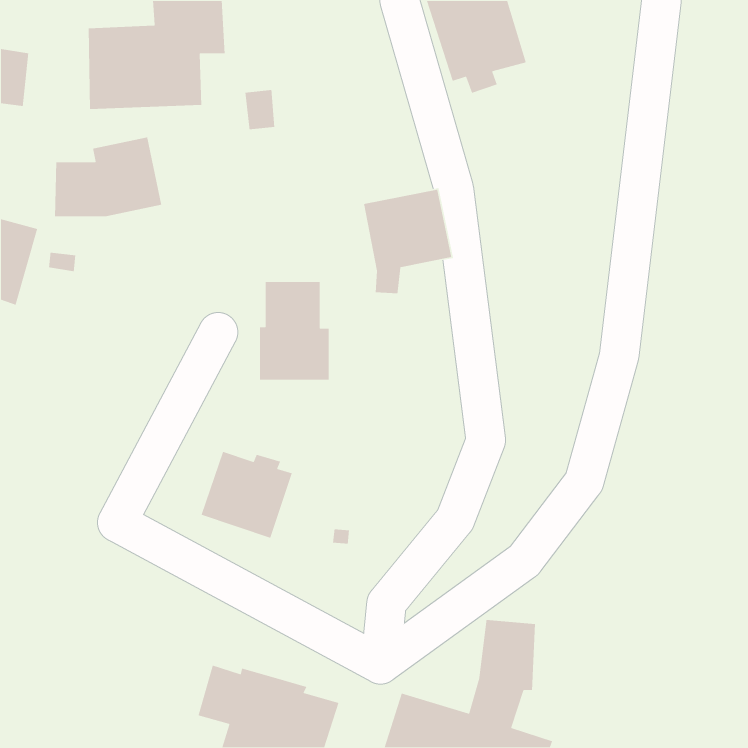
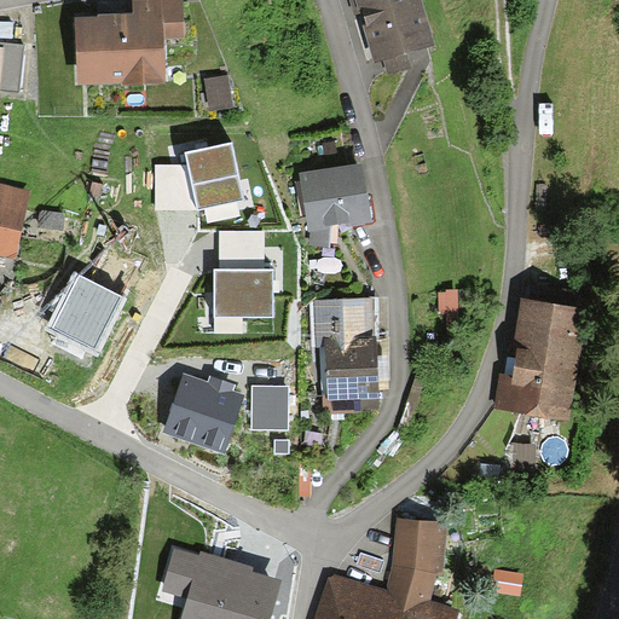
building: [54,137,162,217] -> [155,144,244,210]
building: none -> [54,278,121,348]
building: none -> [498,290,583,411]
building: none -> [317,296,381,409]
building: none -> [251,383,288,424]

